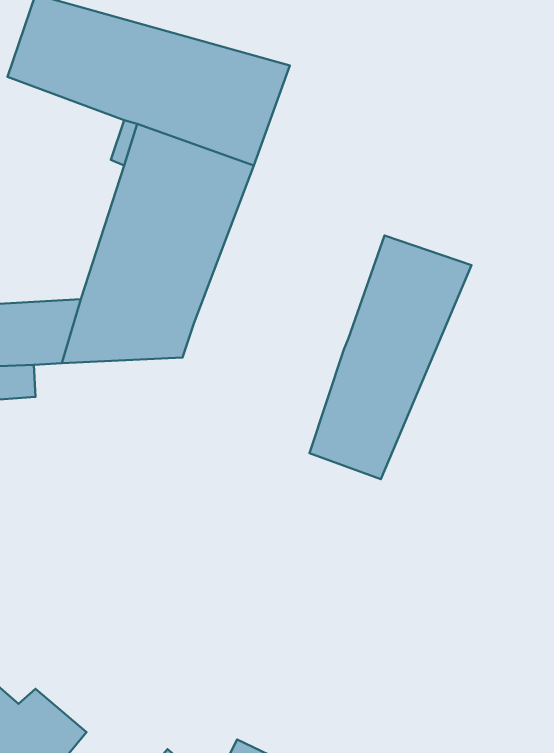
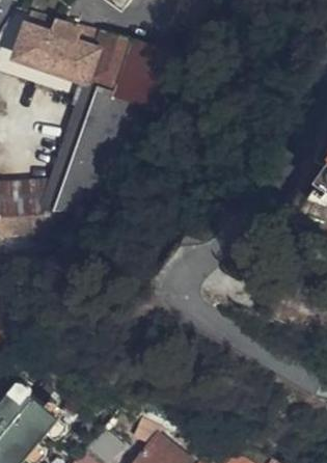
building: [309,235,471,479] -> none

